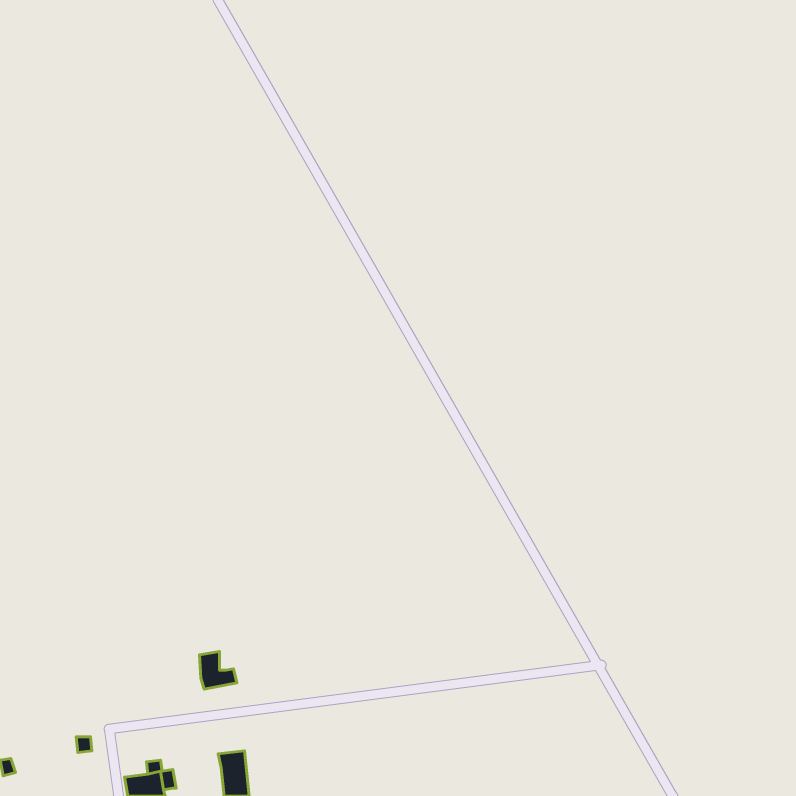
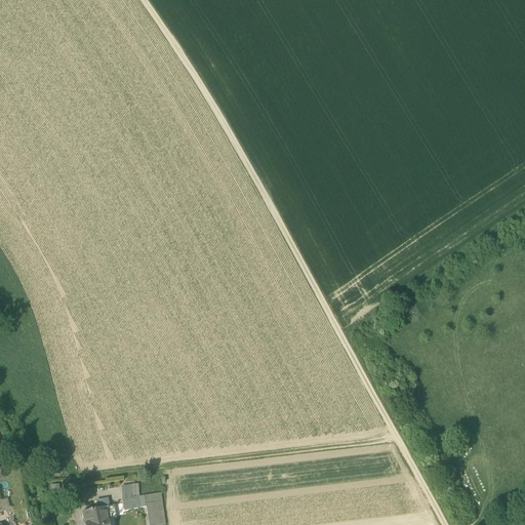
building: [199,652,237,689] -> [121,485,146,510]

